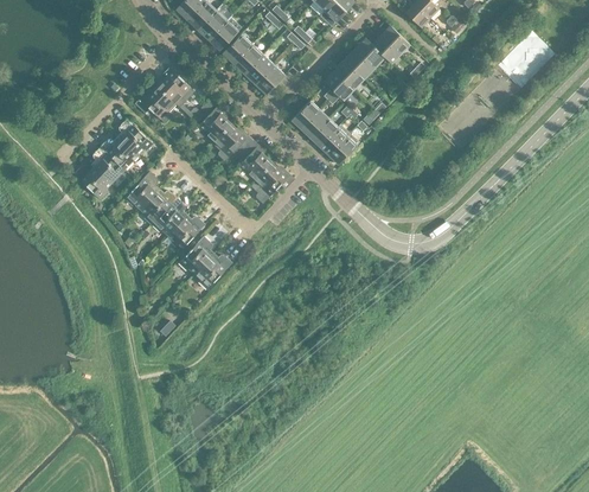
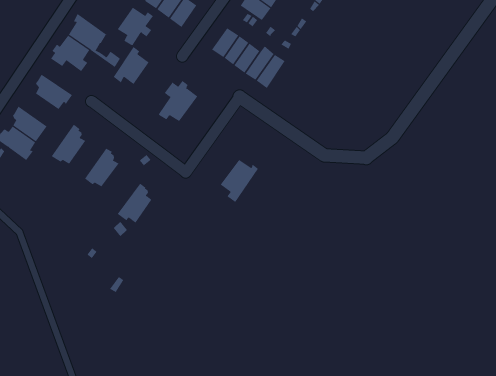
building: [212,123,249,161] -> [117,7,154,47]
building: [100,136,137,170] -> none
building: [250,162,289,204] -> [220,159,259,204]
building: [140,189,177,224] -> none
building: [167,215,205,251] -> none
building: [194,254,231,289] -> none

